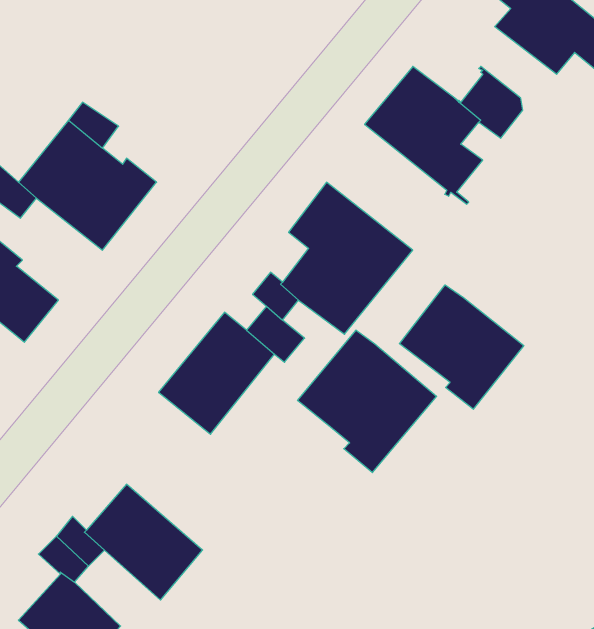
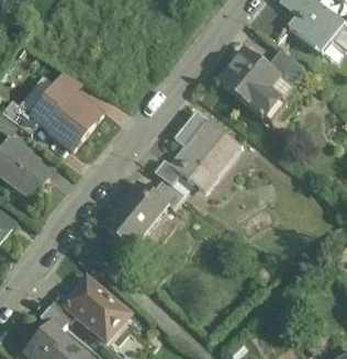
building: [399,285,524,409] -> none
building: [298,330,437,473] -> none

